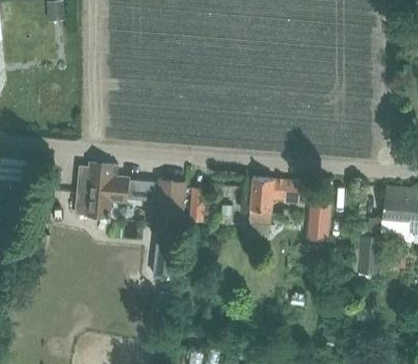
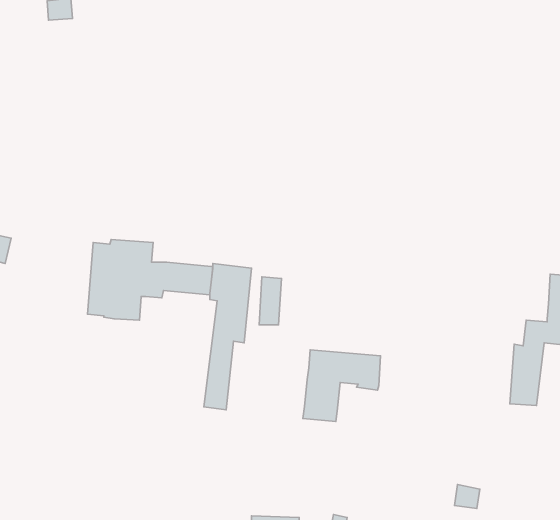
building: [248,177,300,226] -> [303,350,380,421]
building: [308,204,330,230] -> none

